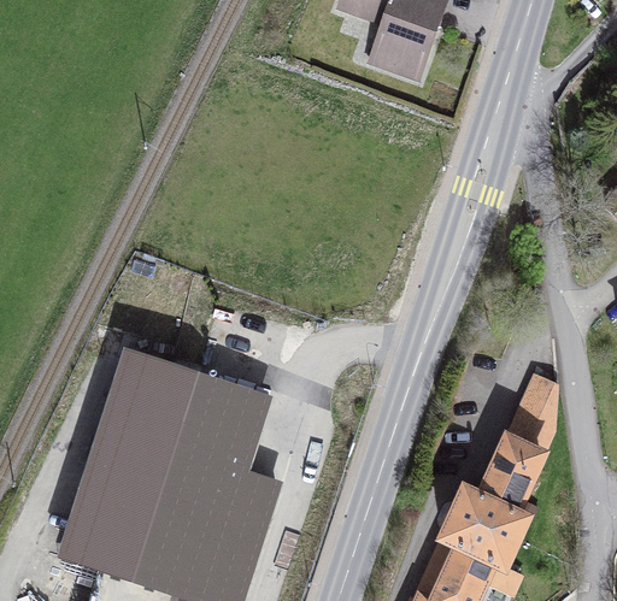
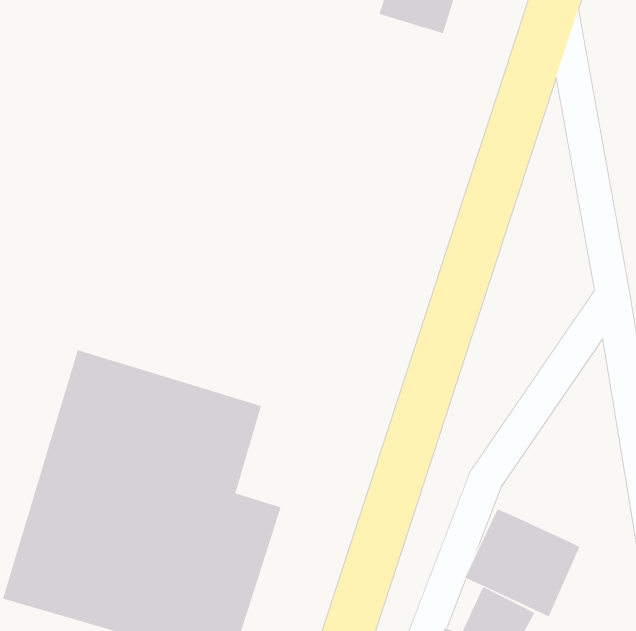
building: [483,364,563,509] -> none

